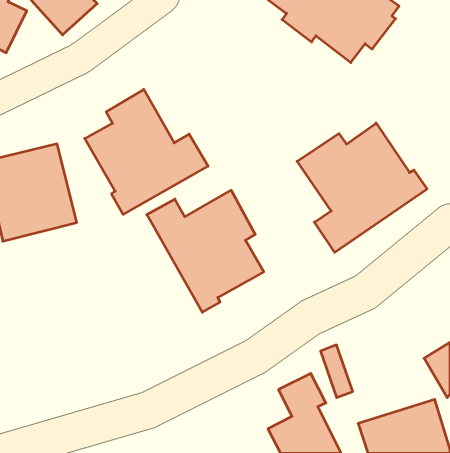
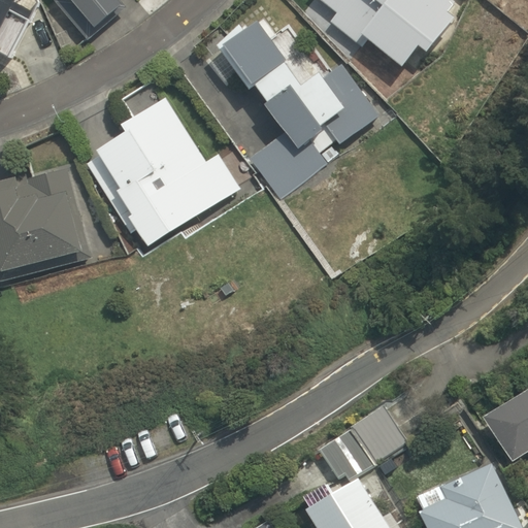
building: none -> [226,32,374,195]
building: [297,123,427,252] -> none
building: [147,190,264,312] -> none

